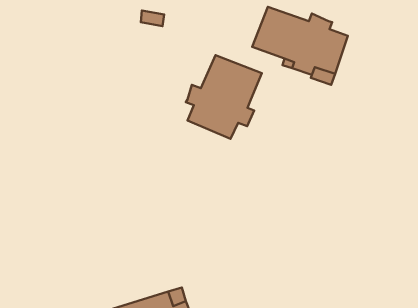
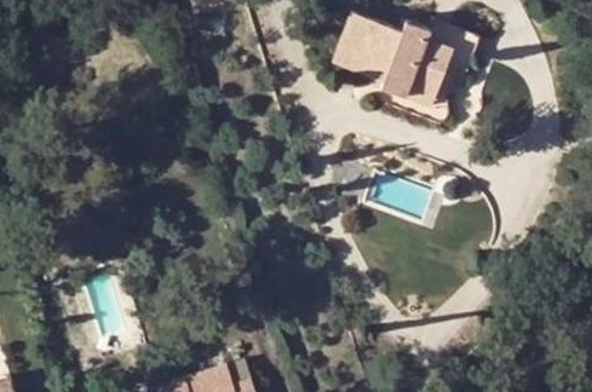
building: [186,55,262,139] -> none

